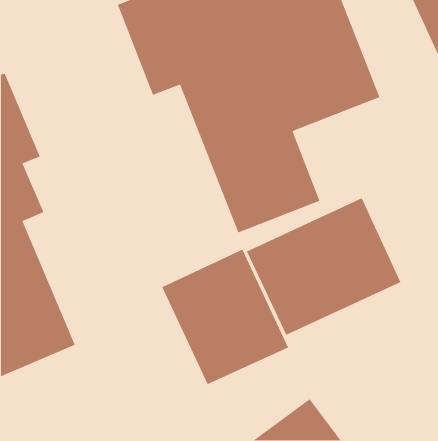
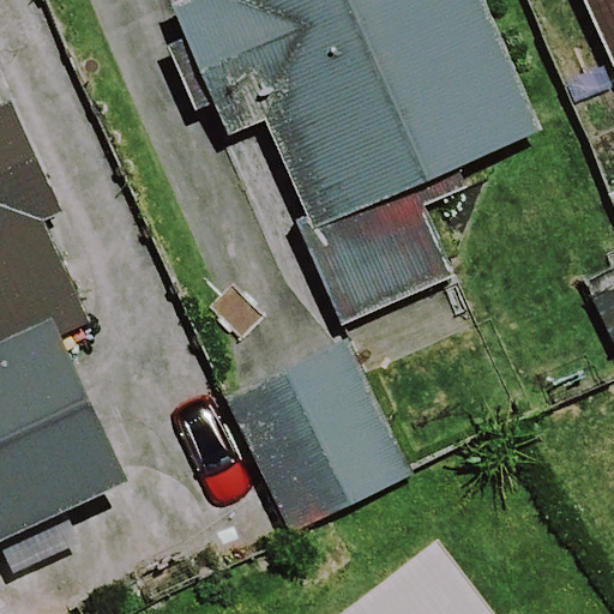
building: [246,197,402,336] -> none

